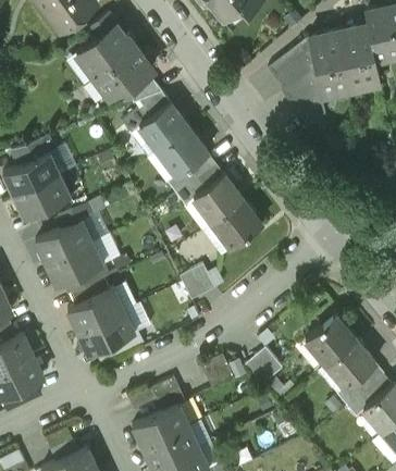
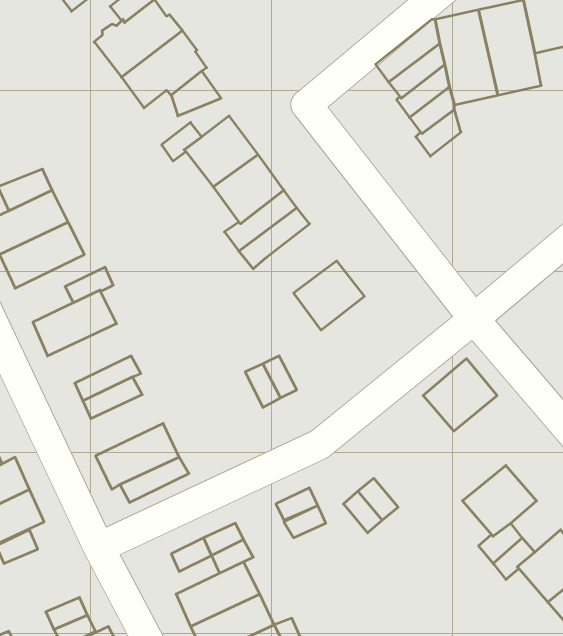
building: [194,176,242,223] -> none
building: [46,244,102,287] -> none
building: [67,289,124,333] -> none
building: [306,314,356,363] -> [423,359,497,431]

